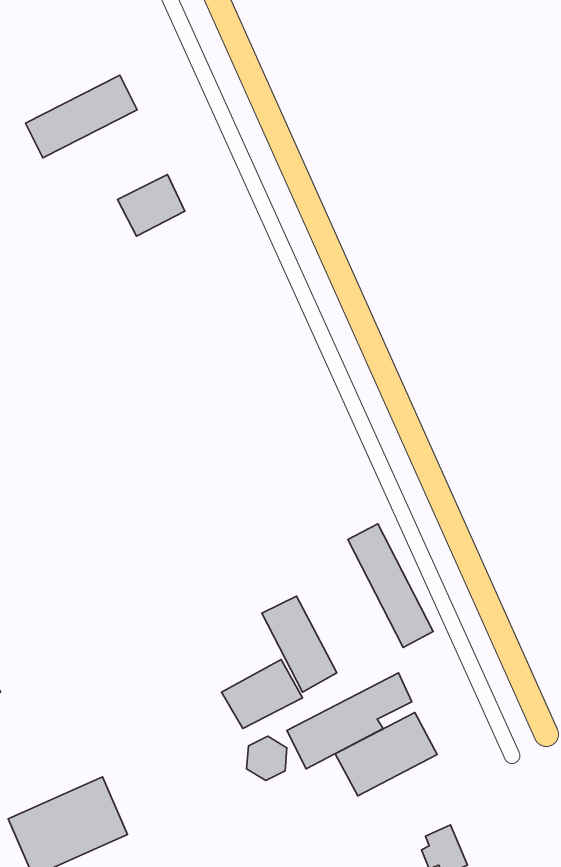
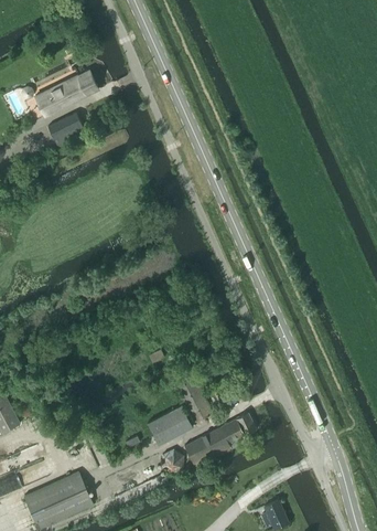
building: [117,175,185,236] -> [47,111,86,147]
building: [348,524,433,647] -> none
building: [335,713,437,796] -> none

